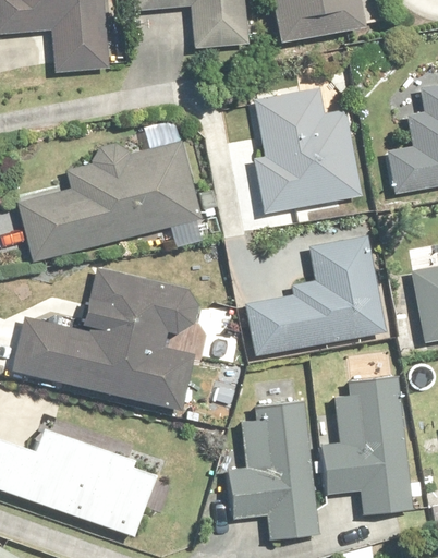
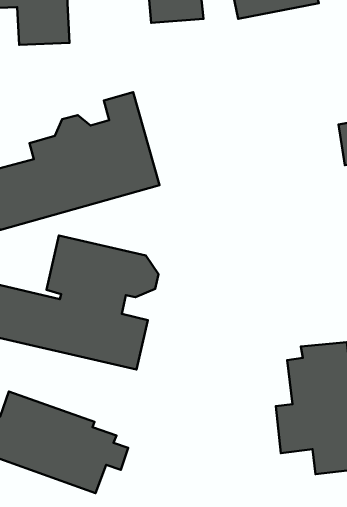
building: [255,88,362,214] -> none
building: [246,239,385,355] -> none
building: [228,400,318,539] -> none

